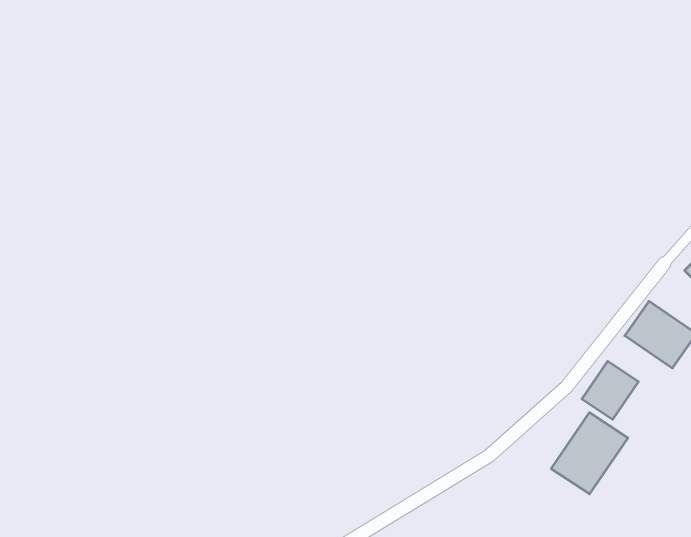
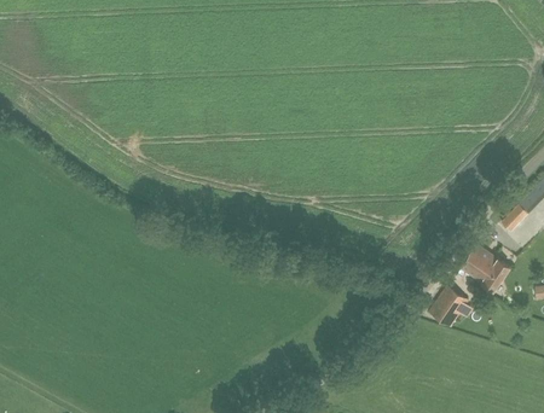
building: [551,413,628,494] -> none

